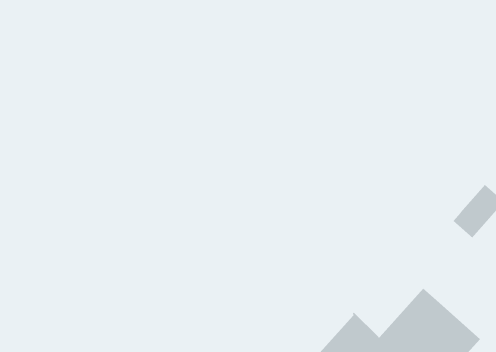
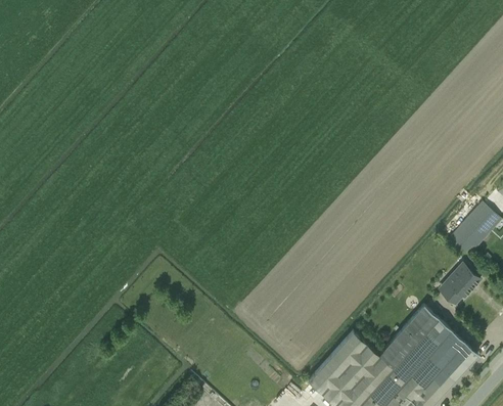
building: none -> [442,263,479,304]

